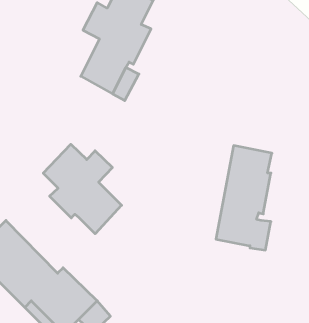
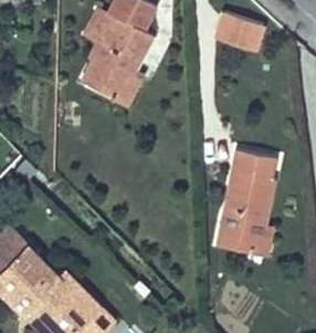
building: none -> [215,13,264,53]
building: [43,144,122,234] -> none

